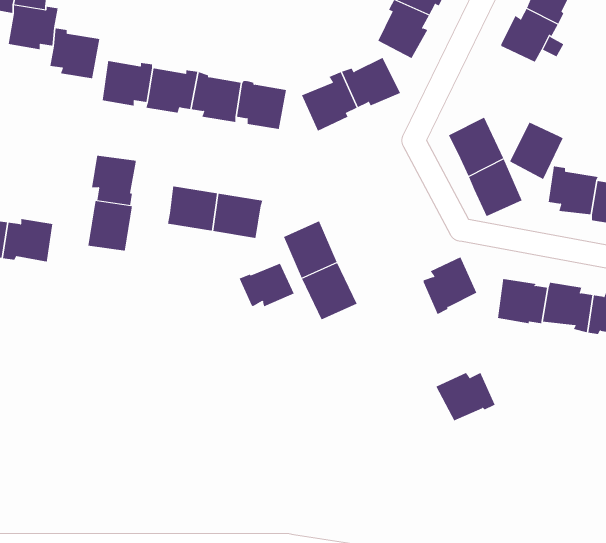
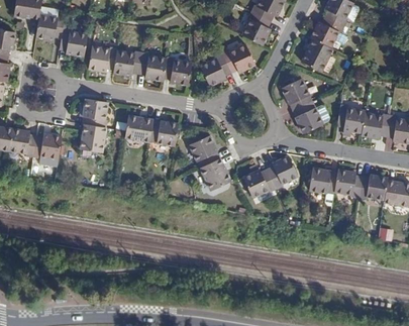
building: [509,122,564,180] -> [301,38,331,71]
building: [239,263,295,307] -> none
building: [436,372,495,421] -> [241,169,275,196]

